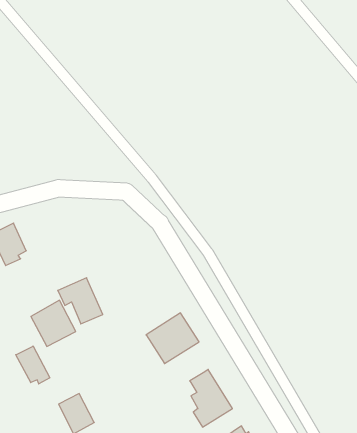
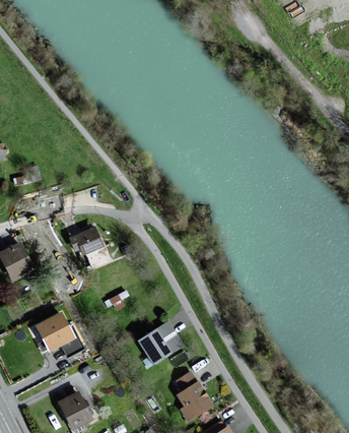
building: [58,278,103,324] -> [70,227,110,267]
building: [16,346,50,384] -> none

